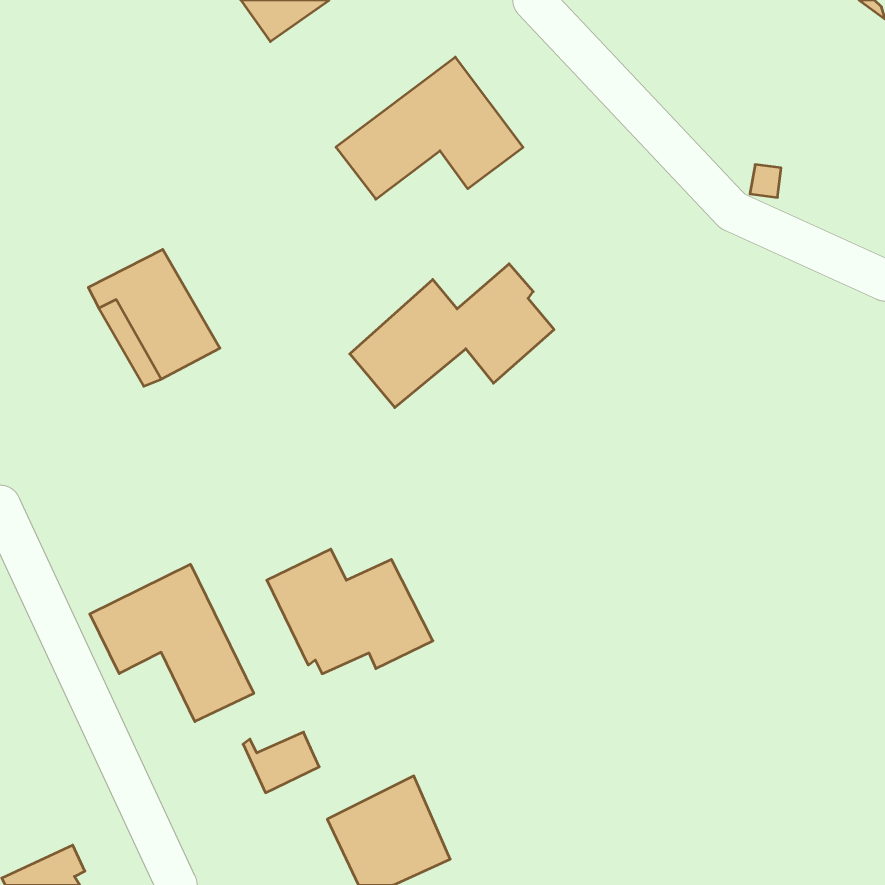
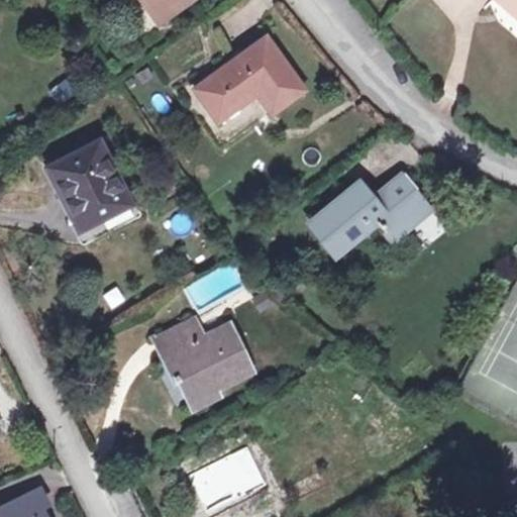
building: [350,264,554,408] -> [310,169,429,252]
building: [90,564,254,722] -> none
building: [243,732,319,793] -> [180,381,224,416]

